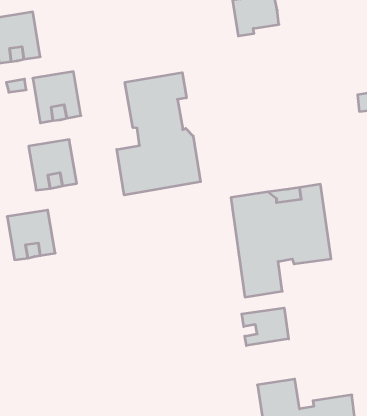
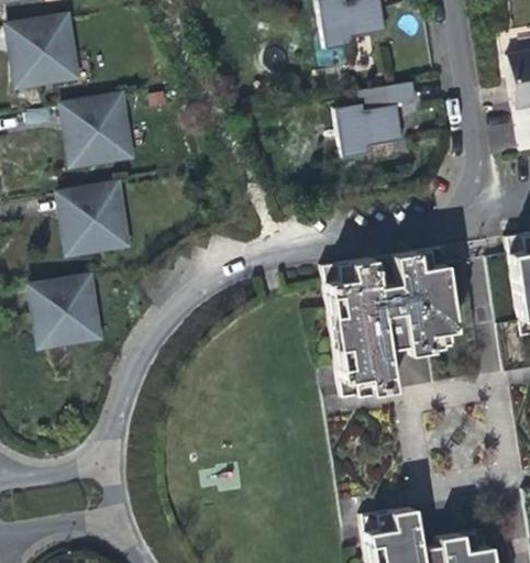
building: none -> [345,85,421,158]
building: [117,73,201,195] -> none
building: [242,308,289,346] -> none

